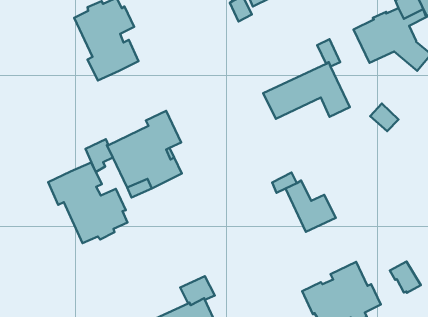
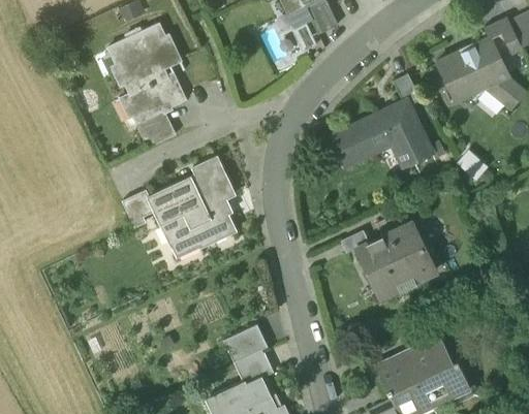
building: none -> [137,110,175,148]
building: [48,162,128,243] -> none
building: none -> [375,222,436,282]
building: none -> [223,325,268,363]
building: [390,261,421,293] -> none

